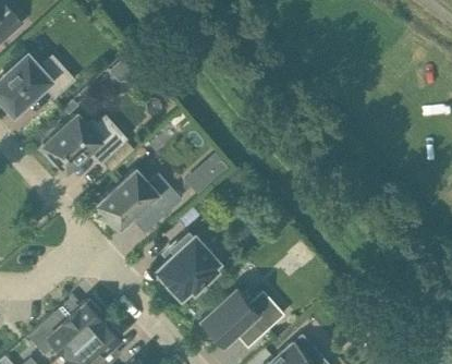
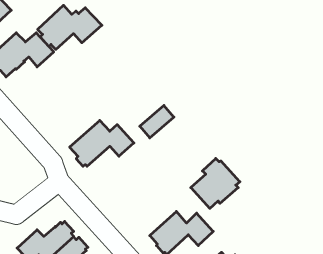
building: [42,114,126,172] -> [38,5,102,49]
building: [155,232,219,298] -> [191,158,240,208]

